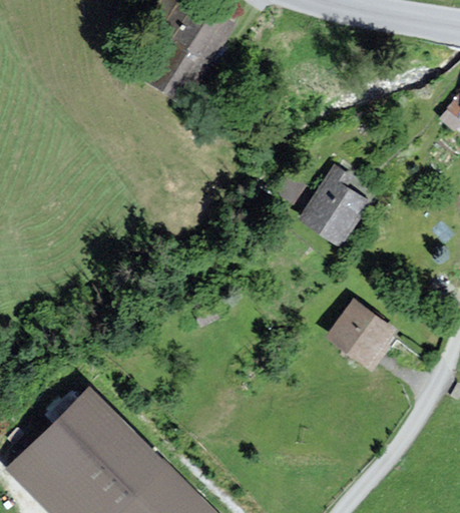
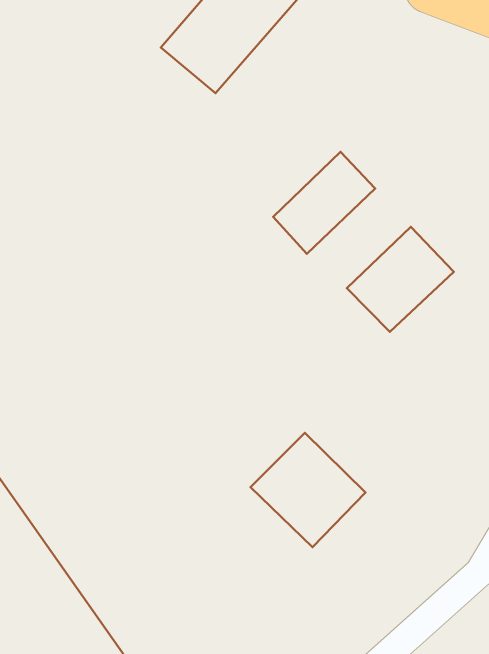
building: none -> [273,152,375,254]
building: [331,291,411,369] -> [250,433,365,547]

